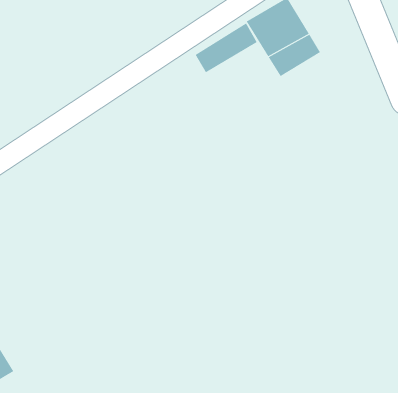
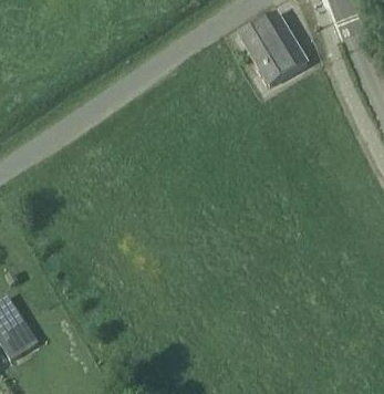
building: [195,22,258,73] -> none

